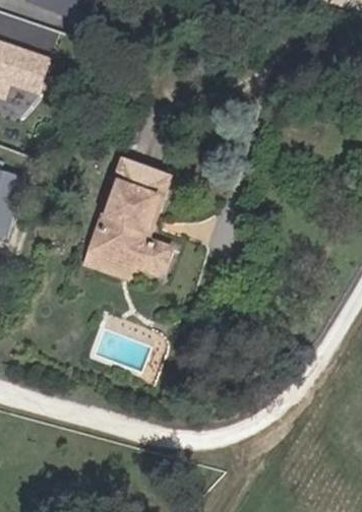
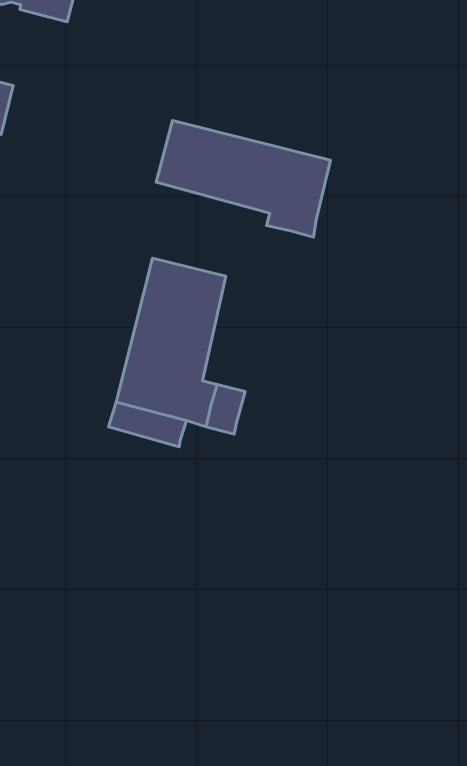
building: none -> [156,120,331,237]

